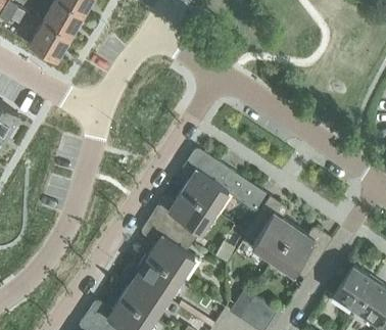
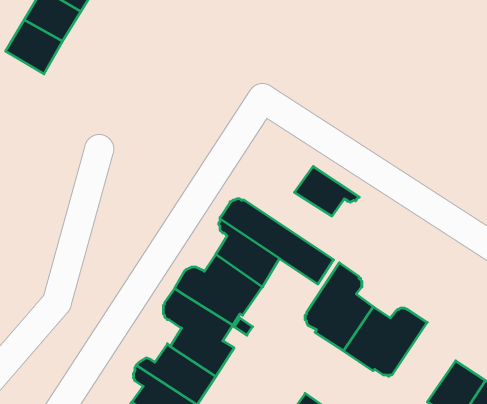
building: none -> [294,166,359,216]

